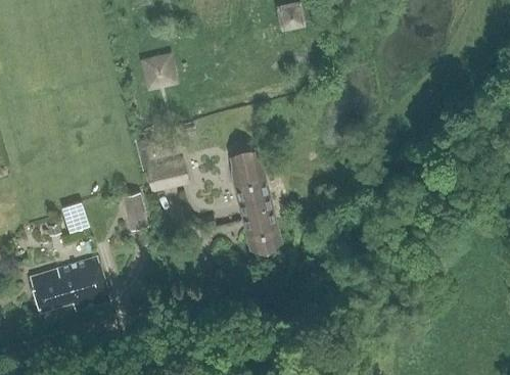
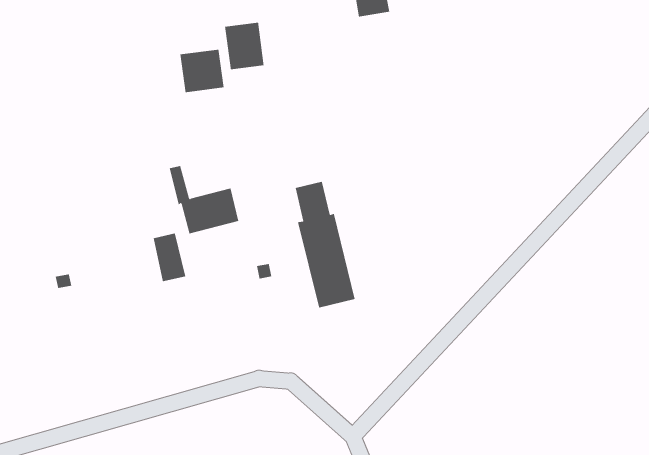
building: none -> [225,22,264,70]
building: [32,259,110,312] -> none

